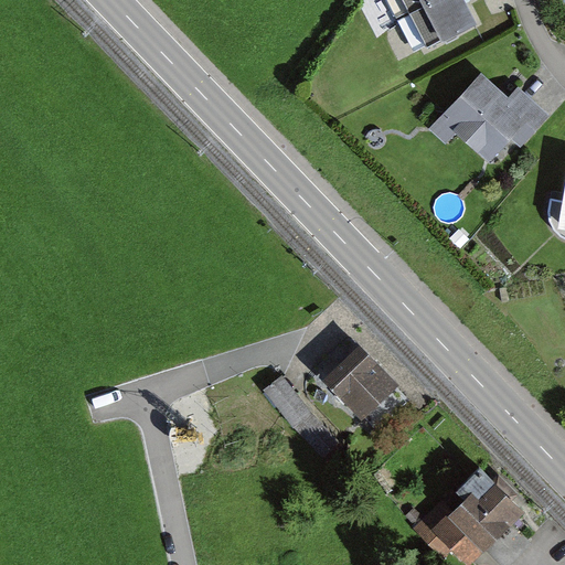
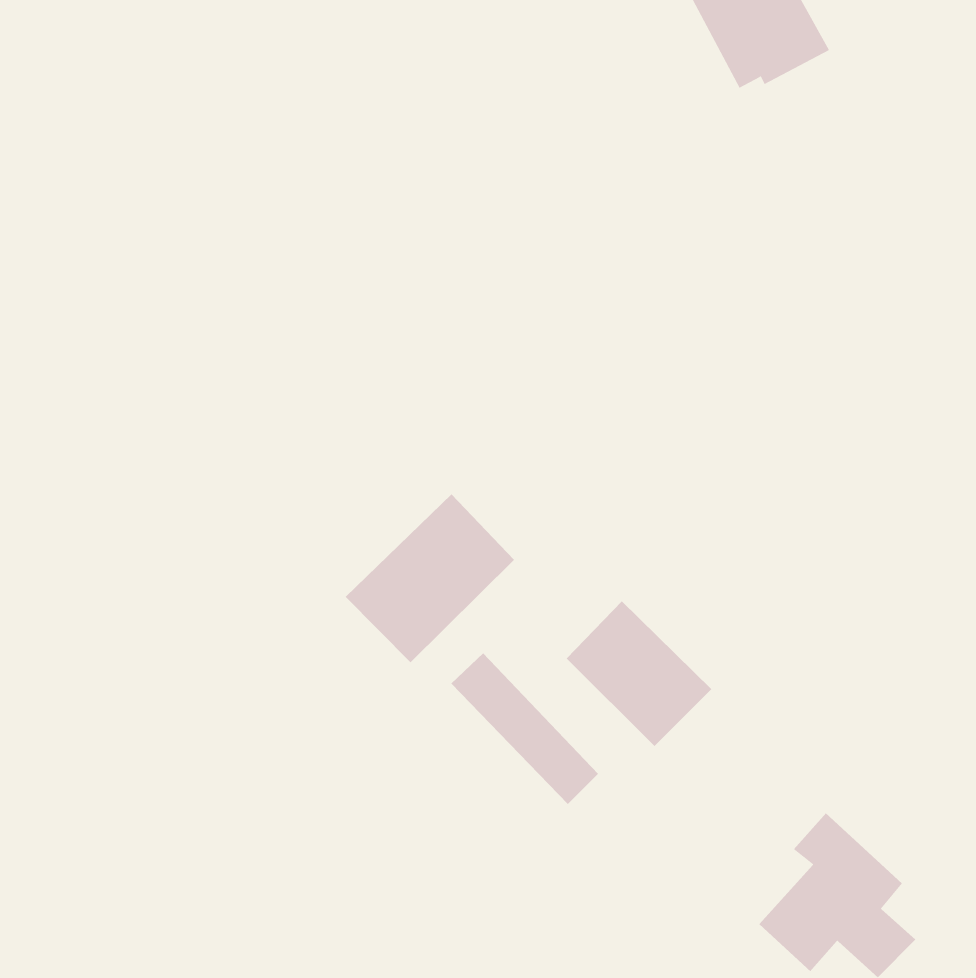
building: [424,70,546,160] -> none
building: none -> [345,494,515,663]

